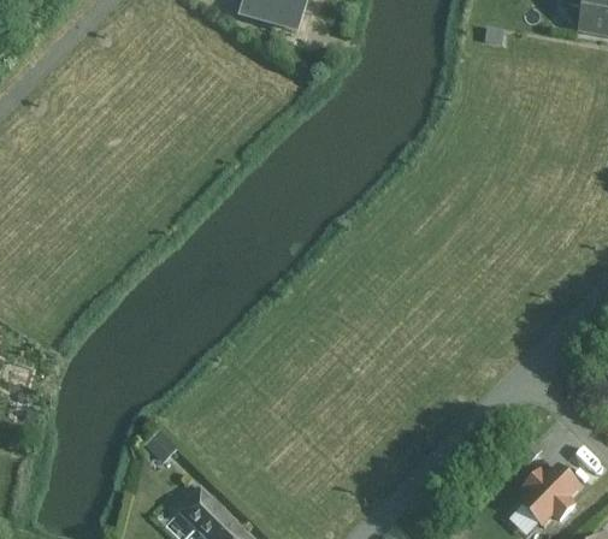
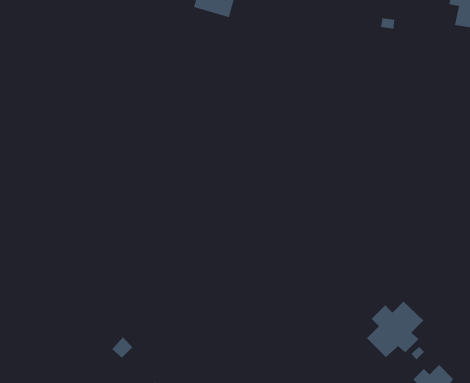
building: none -> [366,301,424,358]

